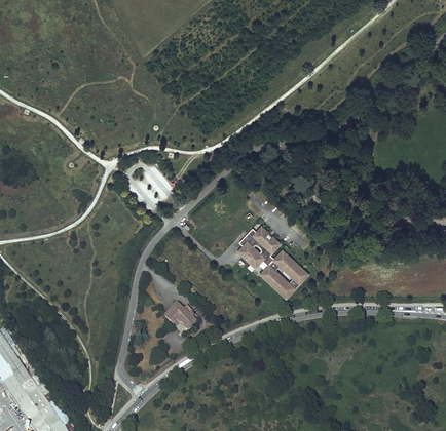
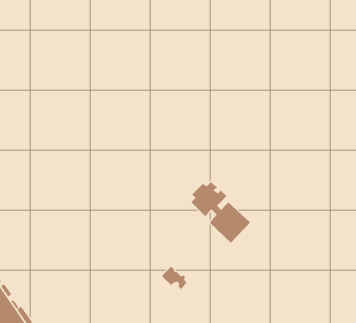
building: [163,304,193,330] -> [162,266,187,289]

